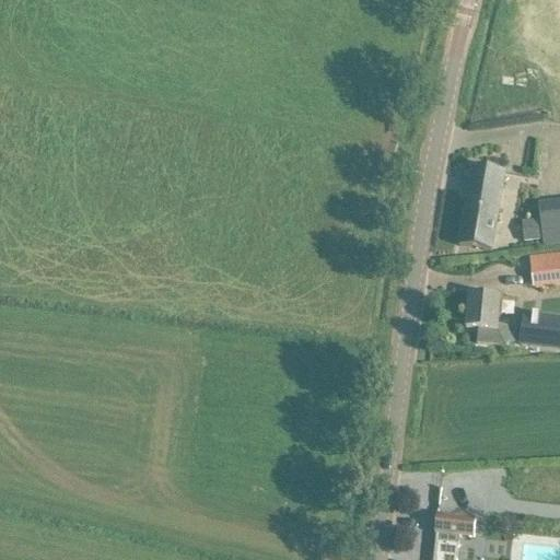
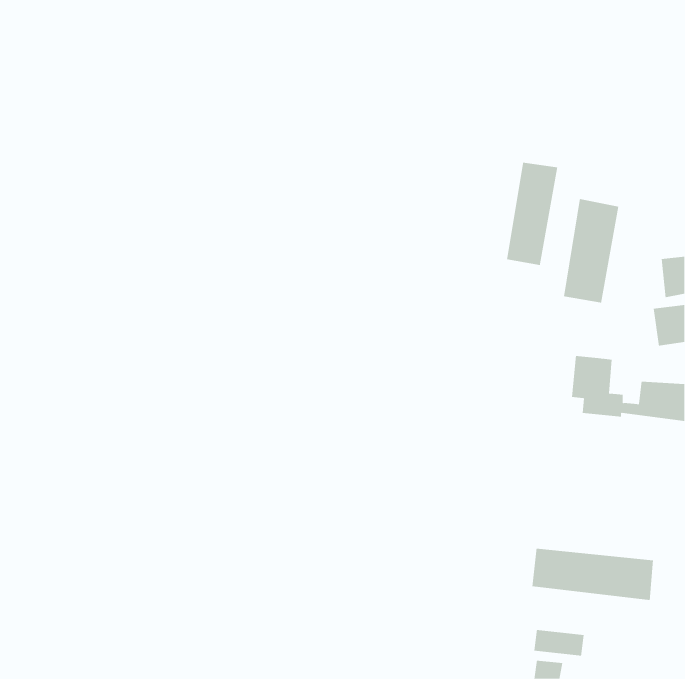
building: none -> [507,162,558,266]
building: none -> [532,548,653,601]

